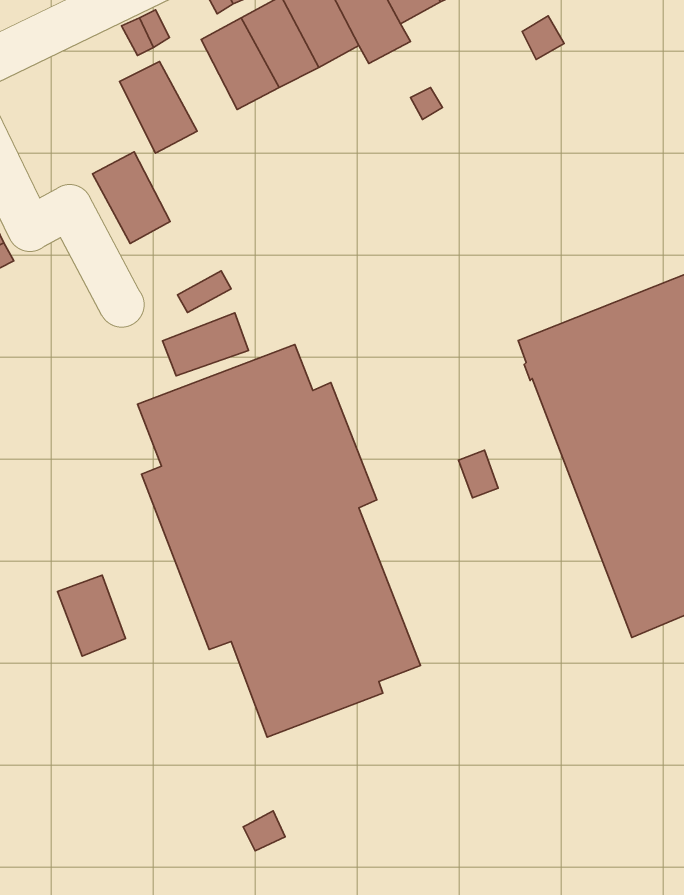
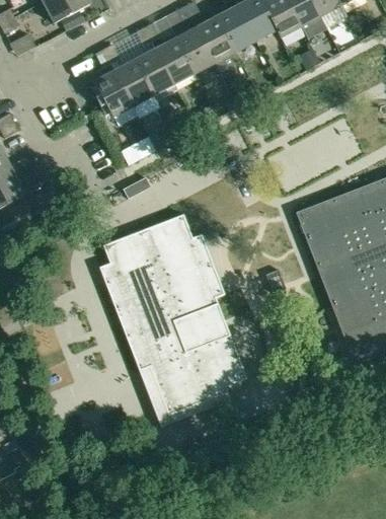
building: [92,152,170,243] -> [113,59,153,105]
building: [163,313,248,376] -> none
building: [57,575,126,656] -> none

